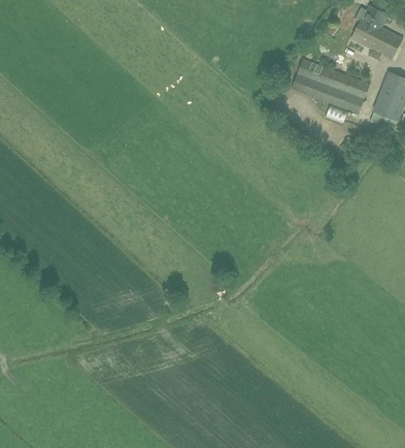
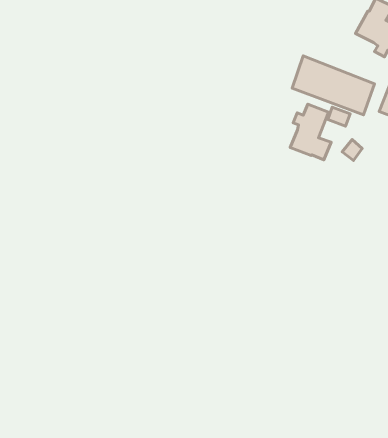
building: none -> [290,104,331,160]

